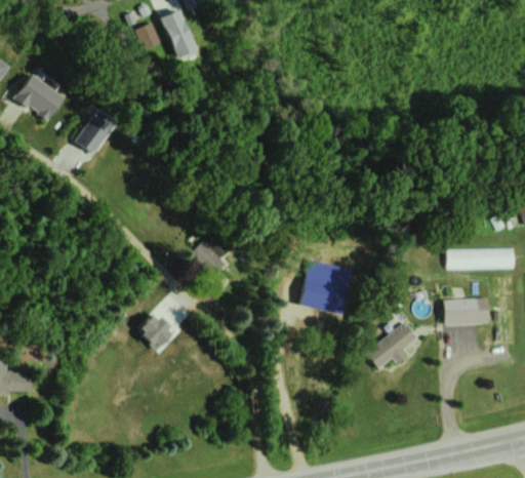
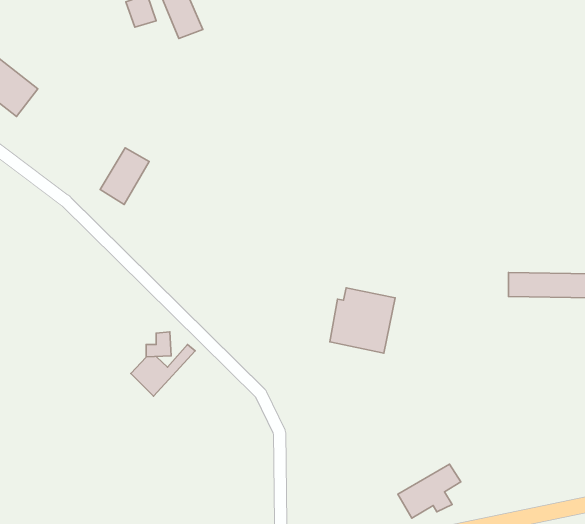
building: [74,109,114,155] -> [100,148,149,204]
building: [192,237,226,277] -> none
building: [444,298,490,325] -> none
building: [366,325,417,369] -> [398,464,461,518]

